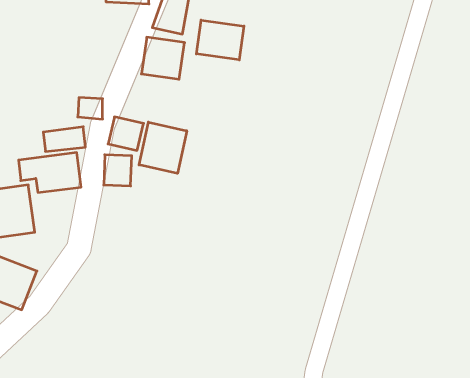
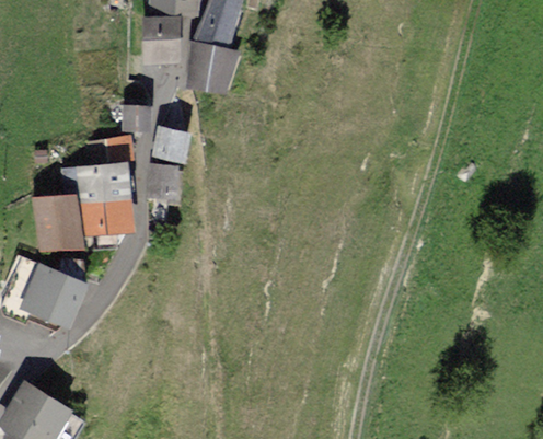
building: none -> [145,19,180,59]
building: [196,20,244,60] -> none
building: [139,122,187,173] -> none
building: none -> [83,198,131,234]

